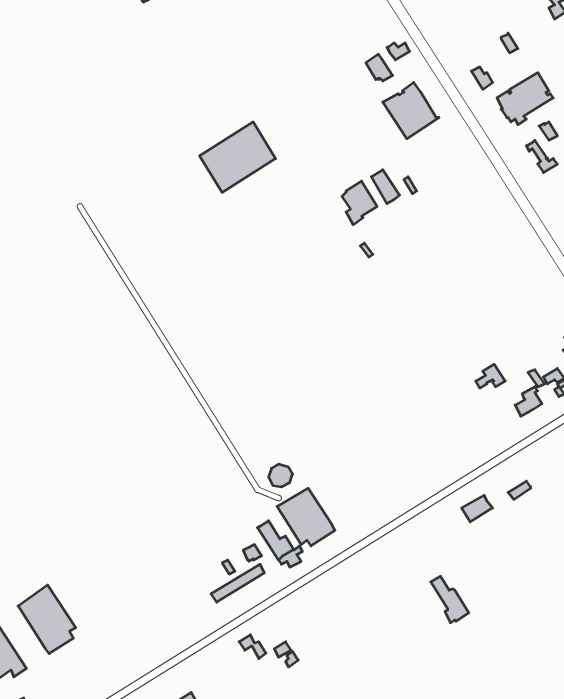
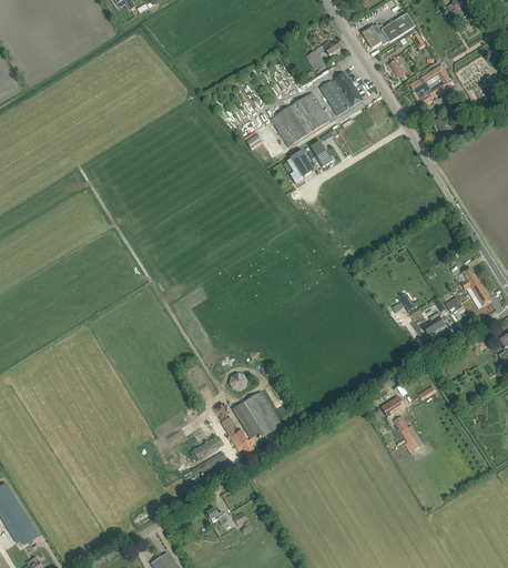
building: none -> [362,12,414,48]
building: [200,122,276,192] -> [270,91,329,146]
building: [431,576,469,623] -> [393,415,423,452]
building: [18,585,76,654] -> none

